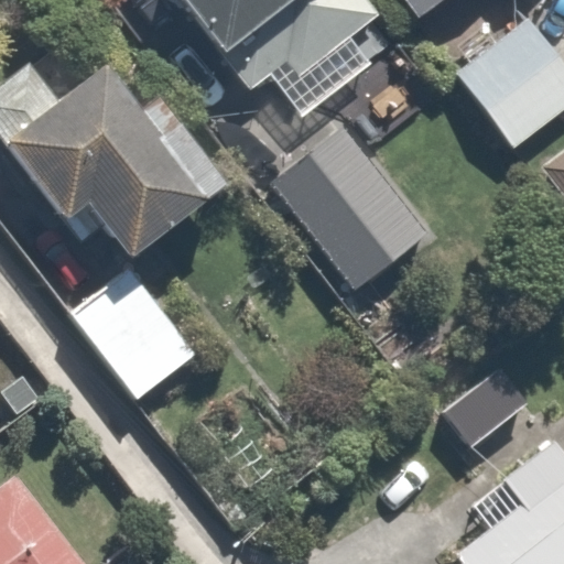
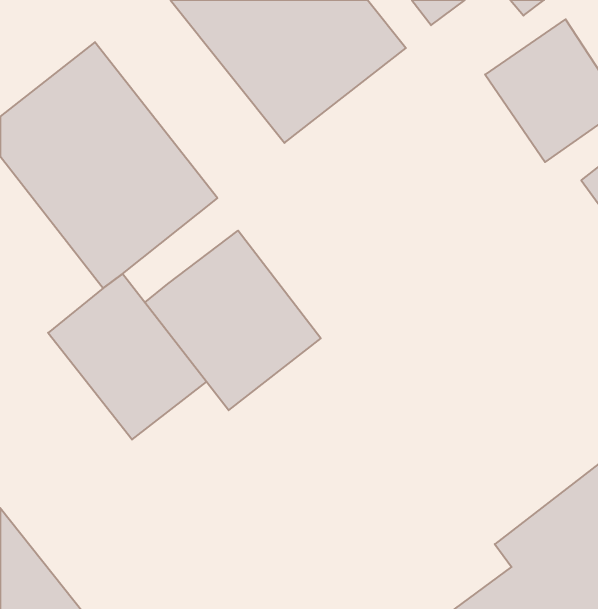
building: [265,121,426,286] -> none
building: none -> [145,231,321,410]

